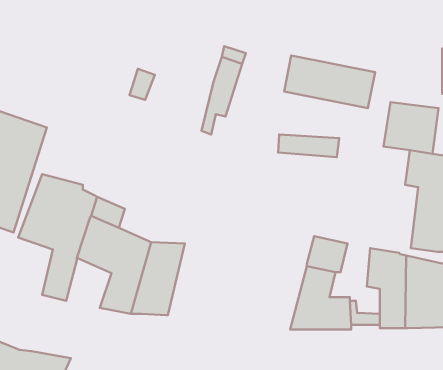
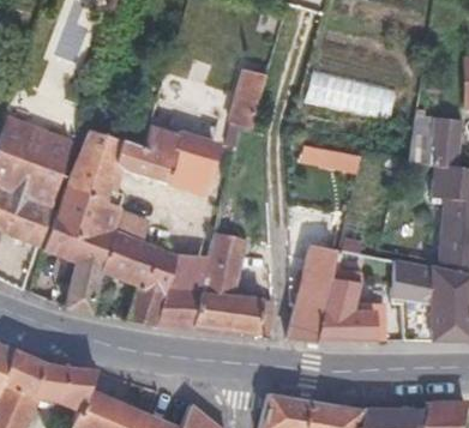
building: none -> [67,123,217,209]
building: none -> [193,233,275,338]
building: none -> [287,271,332,343]

